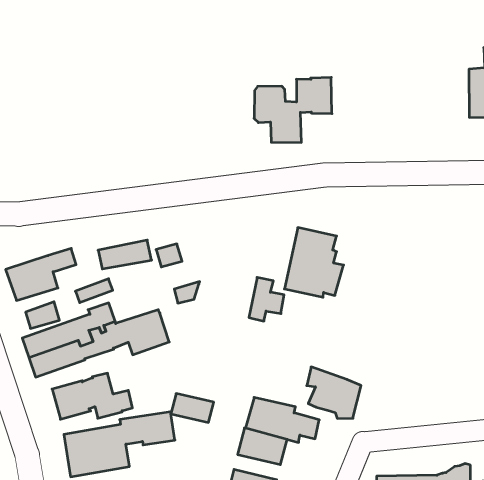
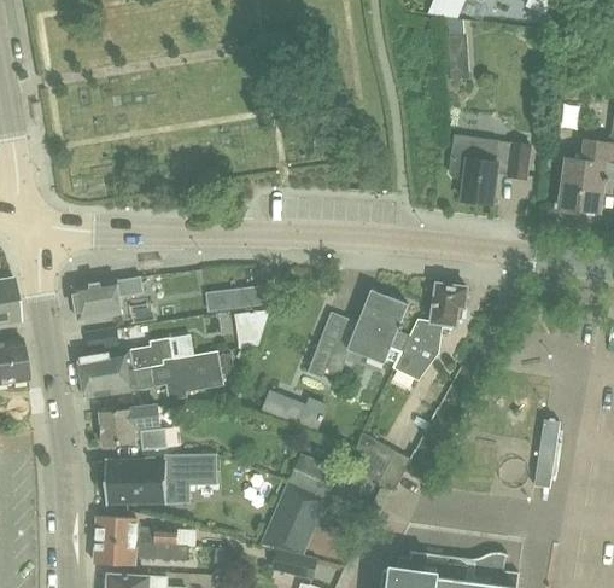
building: [254,77,332,142] -> [449,140,532,204]
building: none -> [394,283,467,379]
building: [171,394,214,422] -> [261,389,305,423]

